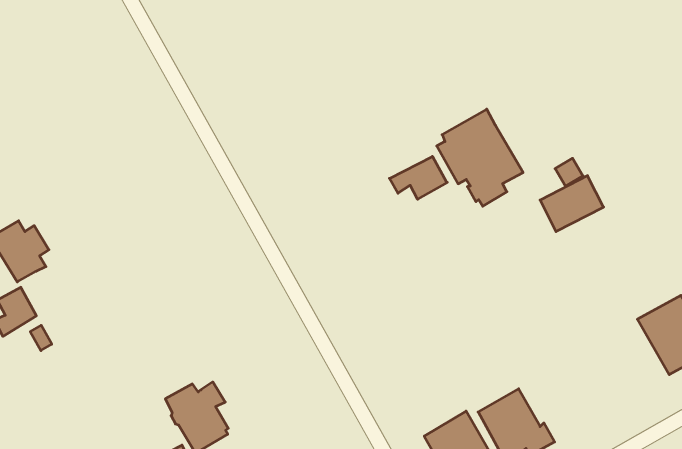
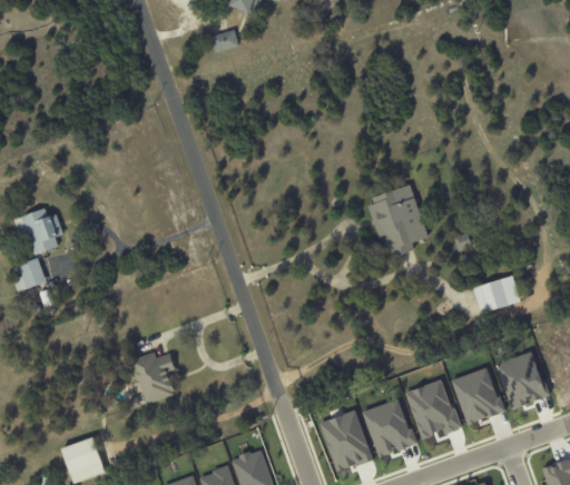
building: [389,156,447,199] -> none
building: [540,176,604,232] -> [473,276,520,314]
building: none -> [450,366,504,424]
building: none -> [405,379,461,437]

